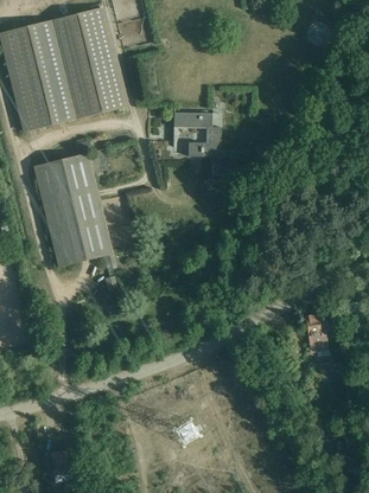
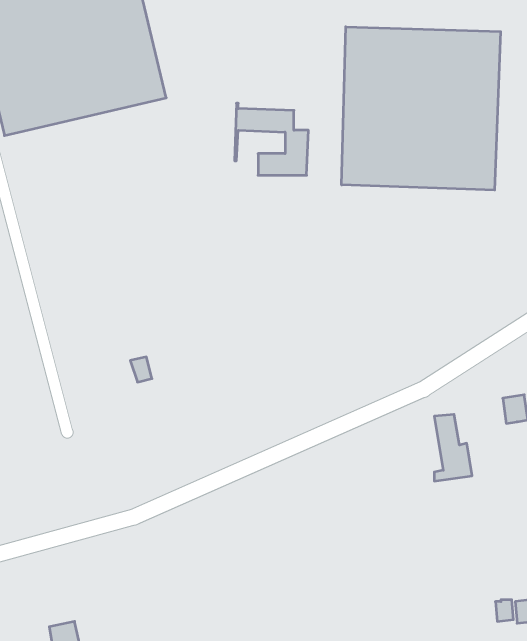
building: none -> [342,27,501,190]
building: [32,140,116,270] -> none

